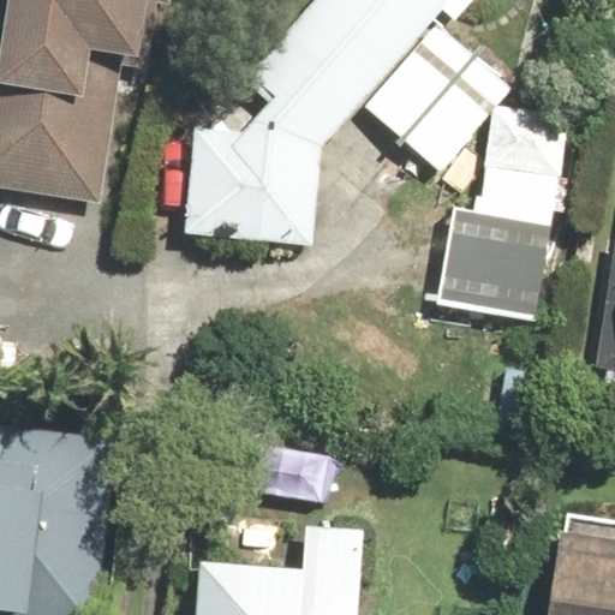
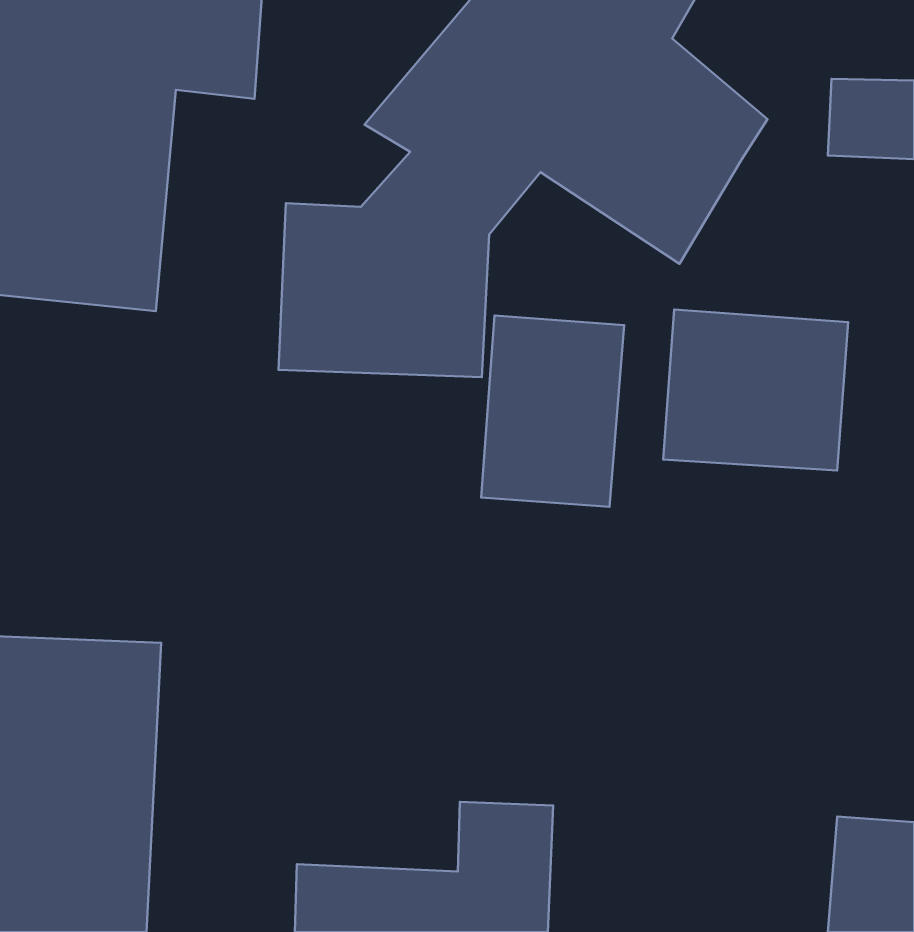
building: [472,105,571,211] -> none
building: none -> [481,316,624,507]

